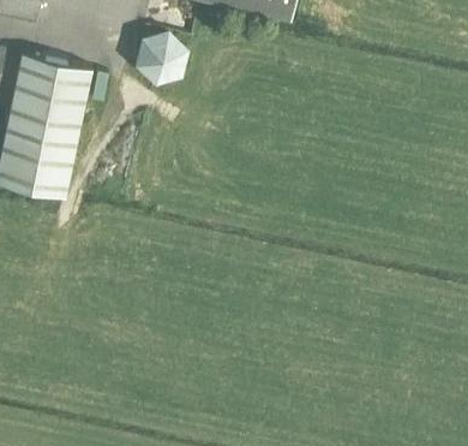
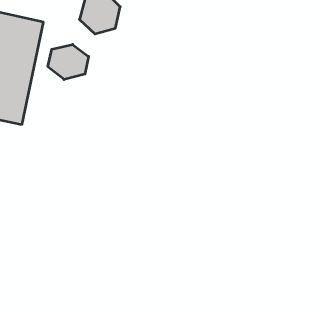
building: none -> [48,44,89,80]

